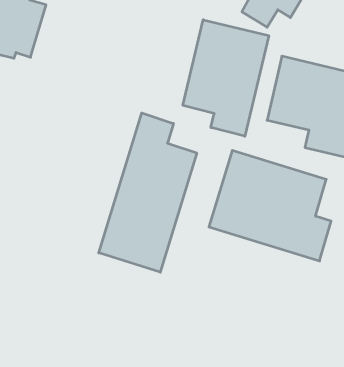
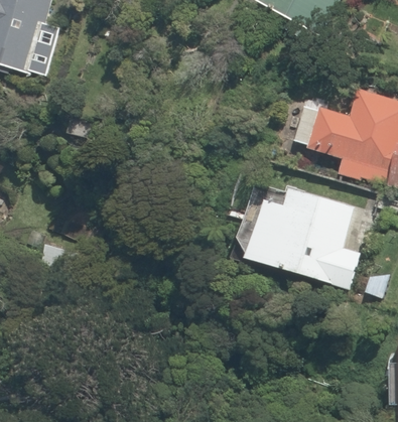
building: [183,20,269,136] -> none
building: [99,113,197,272] -> none

